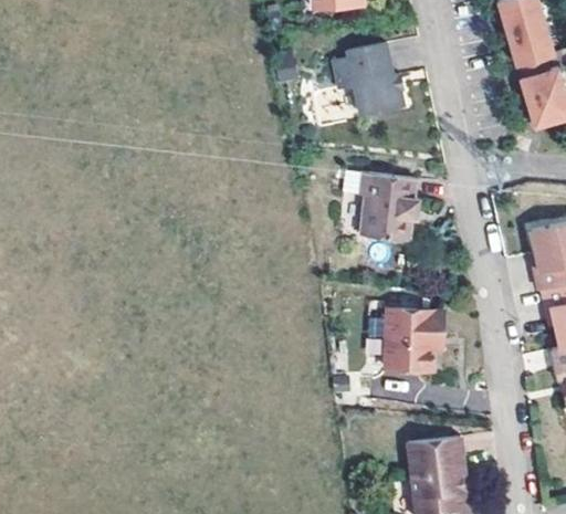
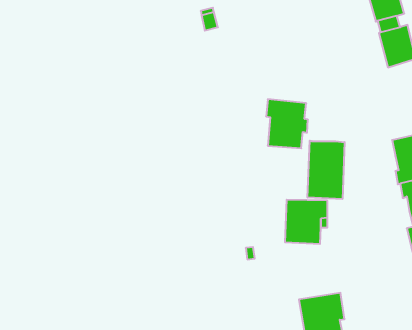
building: [334,45,406,118] -> none
building: none -> [308,141,345,199]

